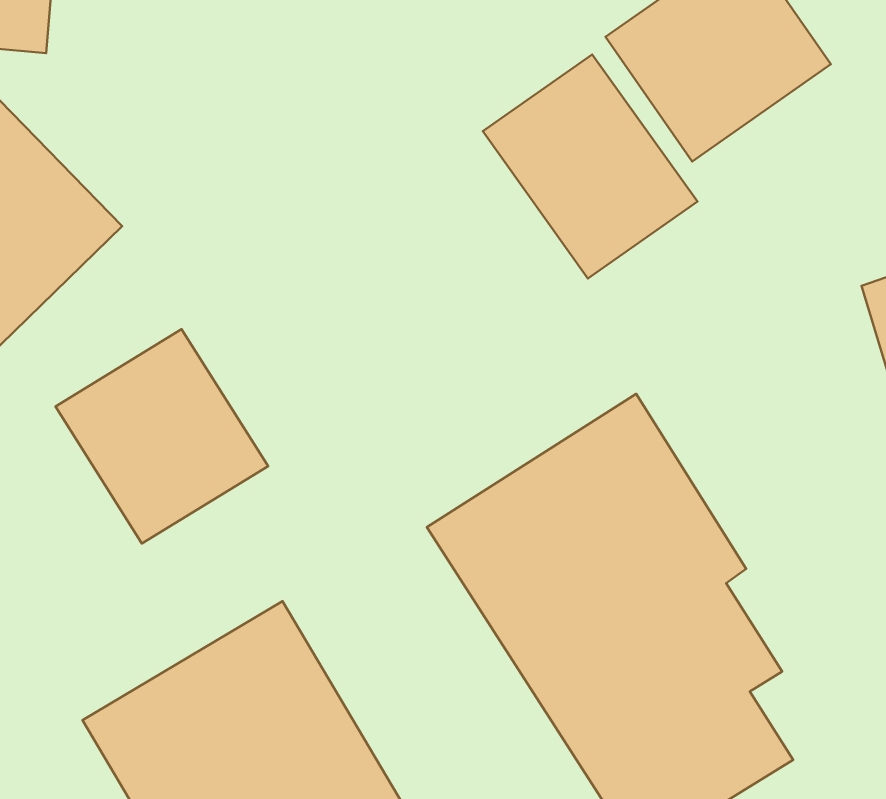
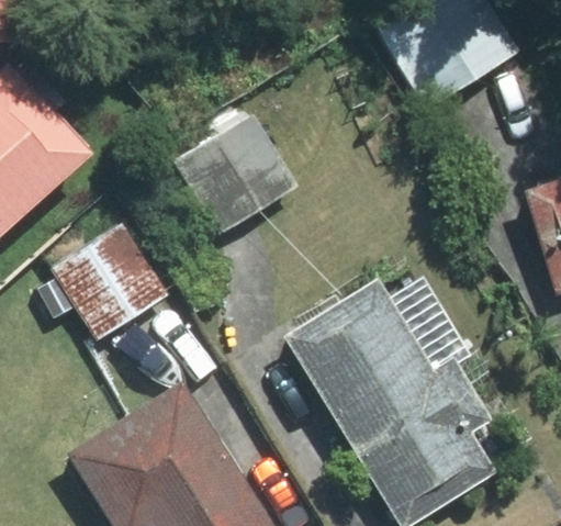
building: [483,54,697,278] -> none
building: none -> [180,125,299,235]

